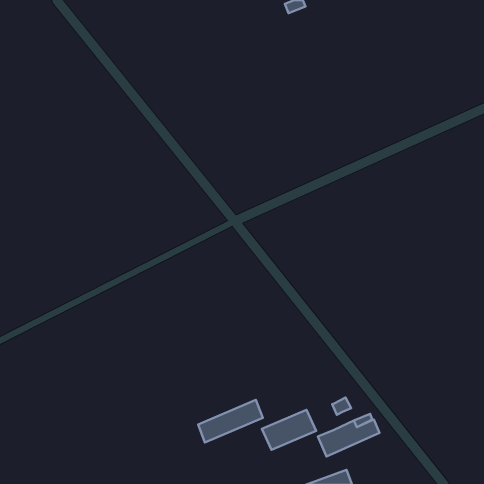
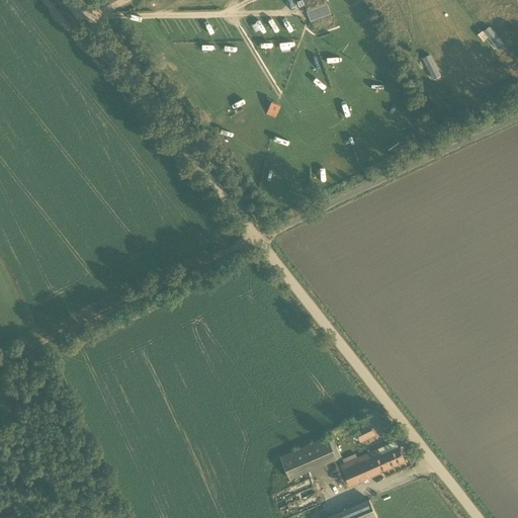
building: [198,400,263,443] -> none

